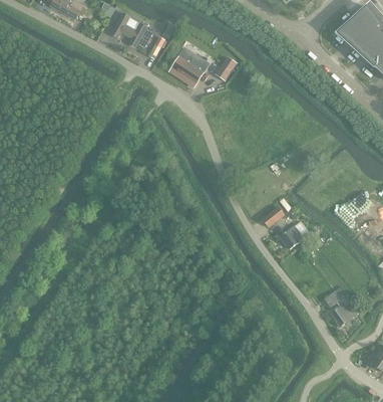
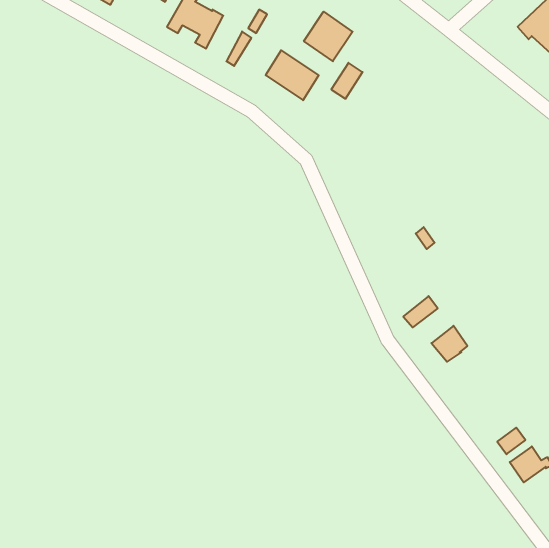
building: none -> [304,12,353,61]

